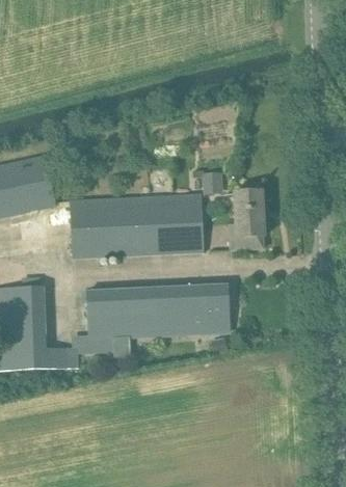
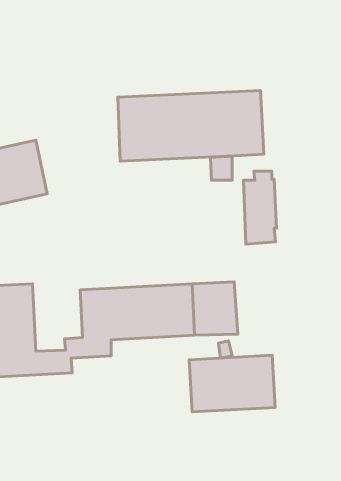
building: [71,193,204,258] -> [118,90,264,161]
building: none -> [189,355,275,412]

